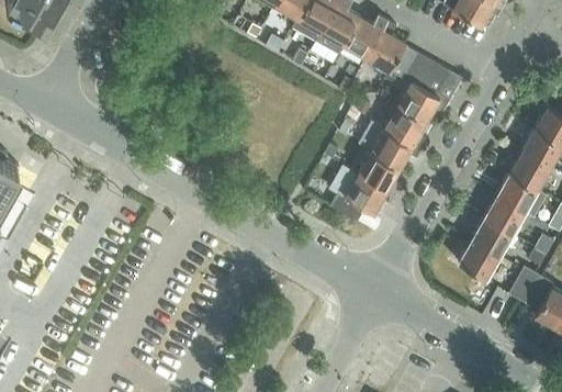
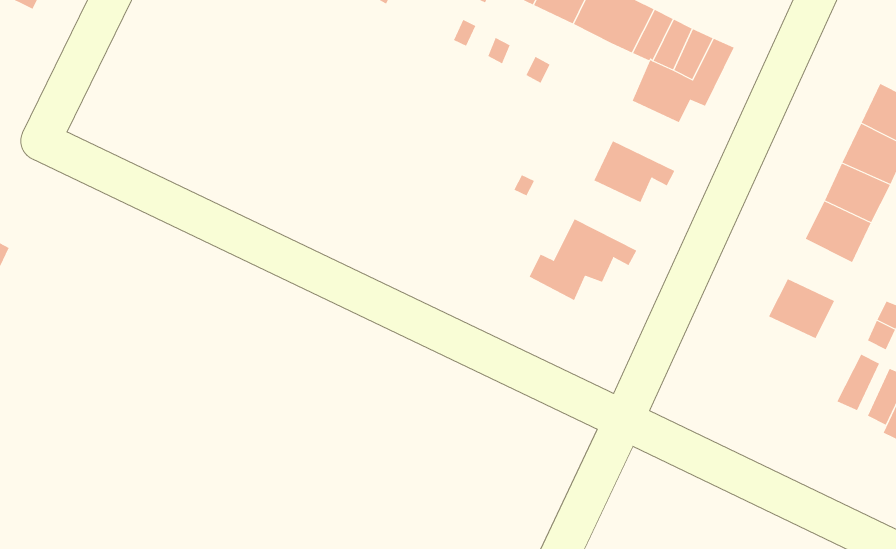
building: [385,107,427,150] -> none
building: [359,153,401,197] -> none
building: [484,197,524,235] -> none
building: [458,242,498,280] -> none

